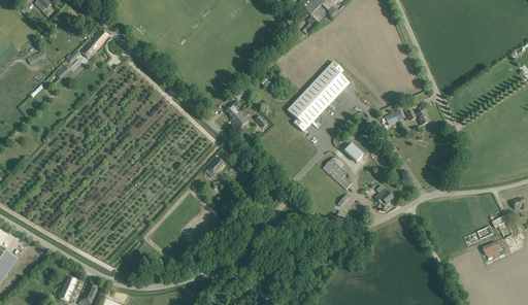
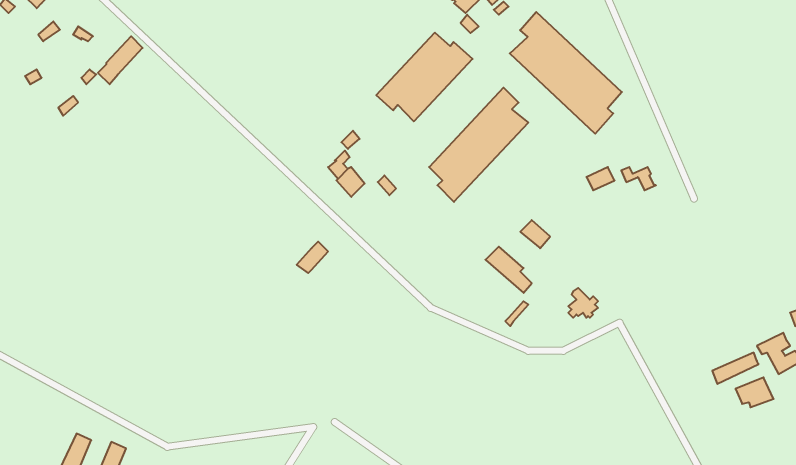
building: none -> [510,12,622,134]
building: none -> [376,33,473,121]

